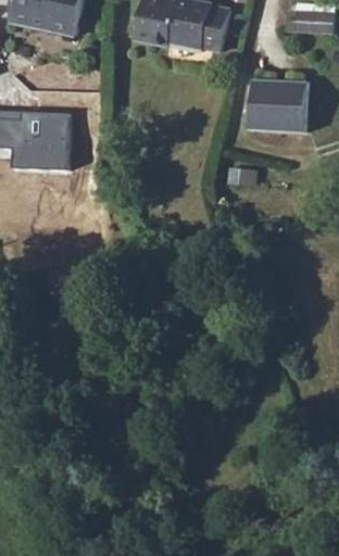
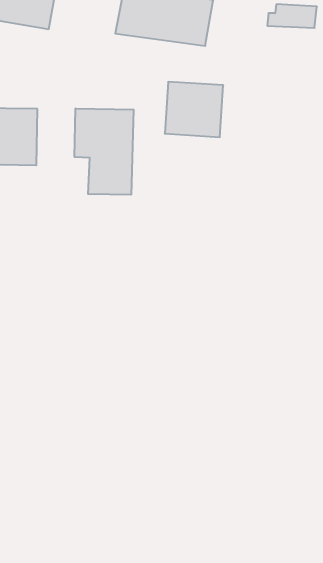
building: [248,83,304,136] -> [165,82,223,137]
building: none -> [75,108,134,195]

